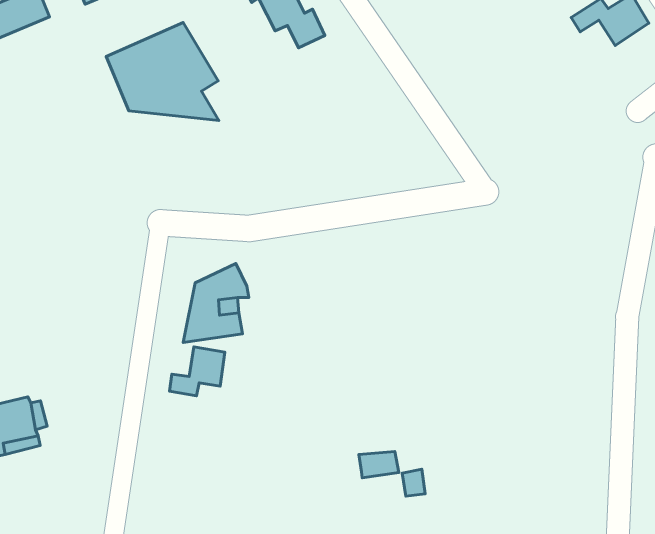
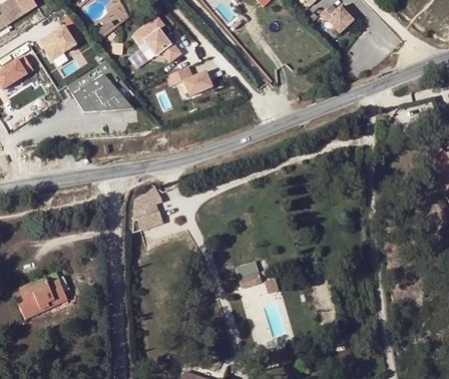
building: none -> [165,67,211,96]
building: [170,347,225,396] -> none

